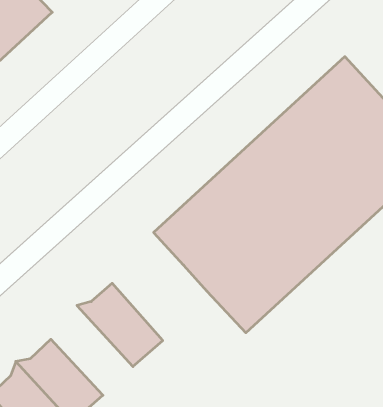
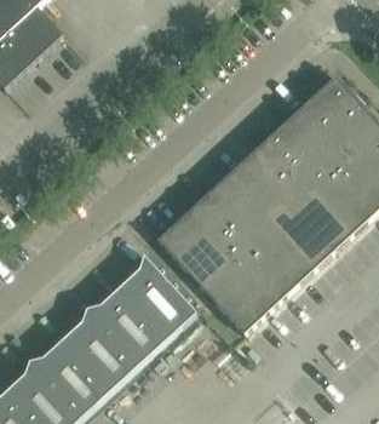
building: none -> [120,256,197,342]
building: none -> [63,309,139,393]

